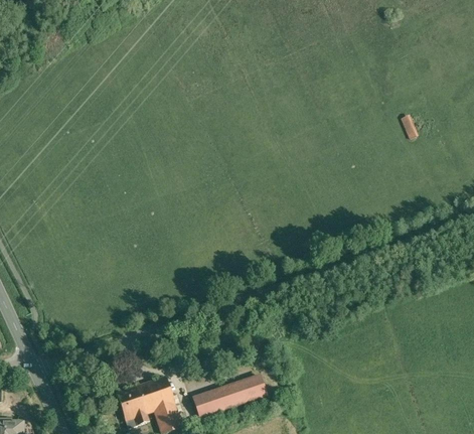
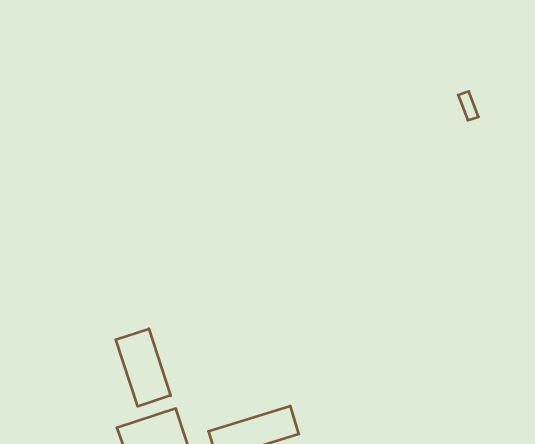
building: none -> [116,329,171,406]

